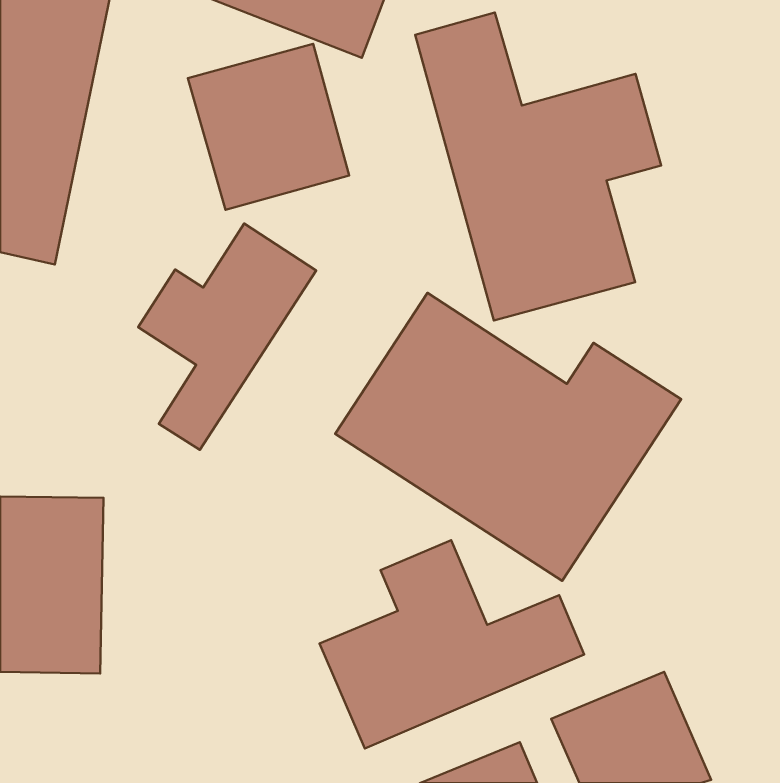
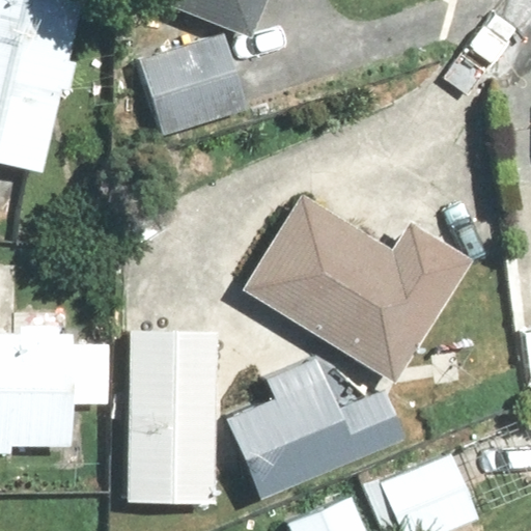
building: [415,12,661,321] -> none
building: [138,223,316,450] -> none
building: none -> [127,325,220,505]

